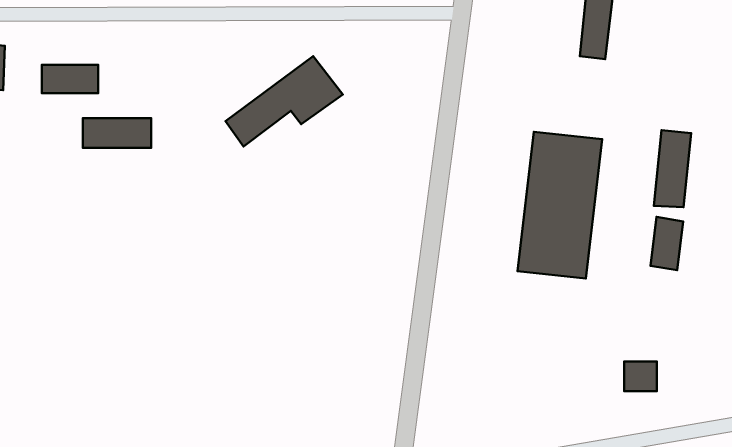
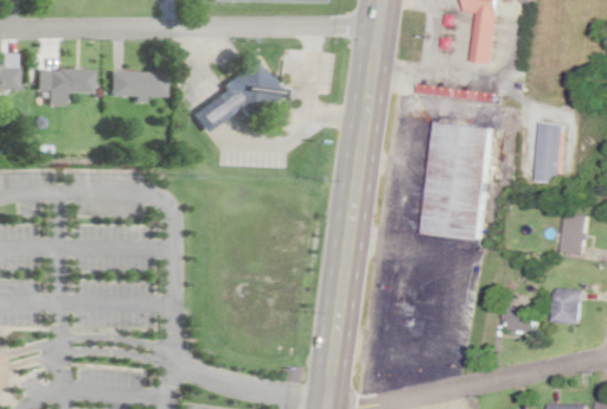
building: [83,118,151,148] -> [103,74,158,97]
building: [650,217,683,270] -> [561,213,587,256]
building: none -> [551,288,580,324]

